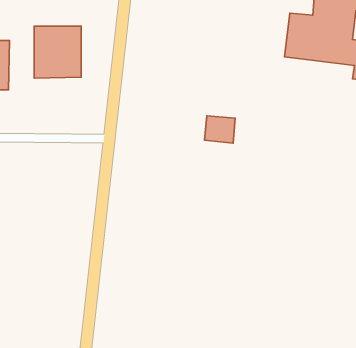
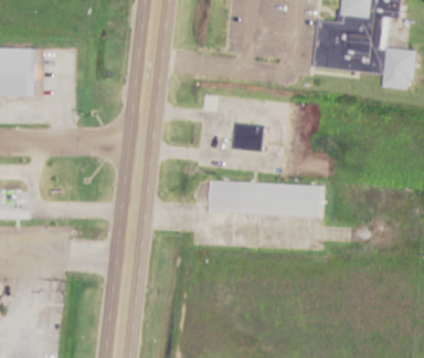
building: [34,26,81,78] -> none
building: none -> [209,180,321,217]

